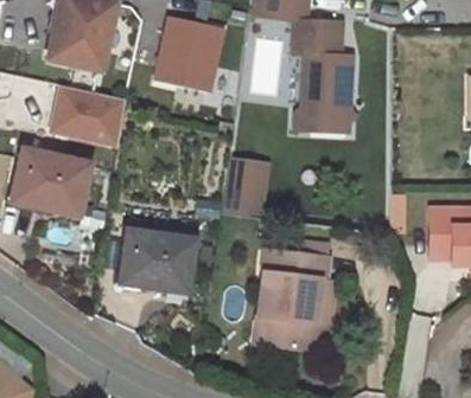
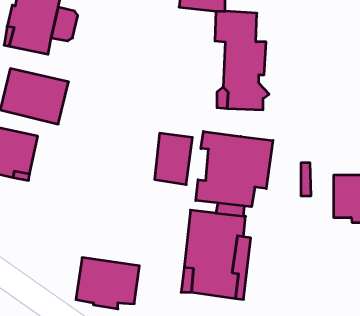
building: [149,15,223,95] -> none
building: none -> [196,131,273,207]
building: [120,230,193,289] -> [76,258,139,309]

